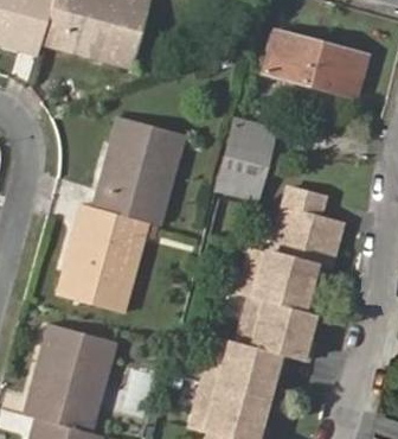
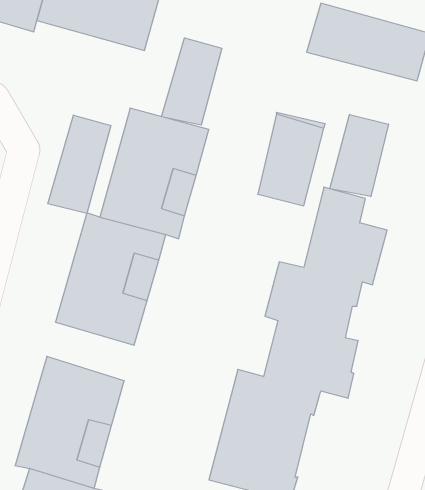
building: none -> [162,38,222,125]
building: none -> [330,114,388,197]
building: none -> [48,115,111,214]

